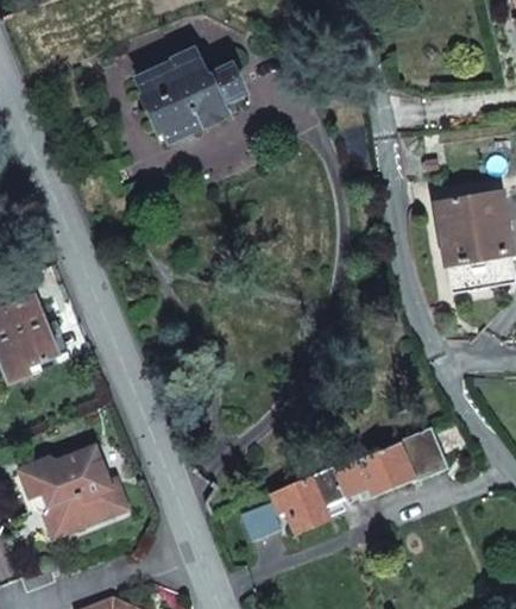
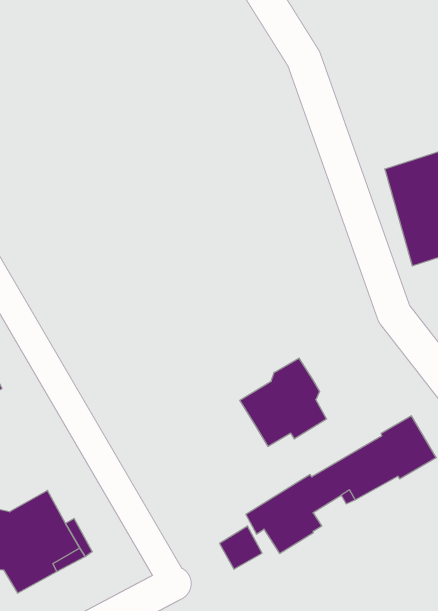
building: [134,48,250,143] -> none
building: none -> [240,358,327,446]

